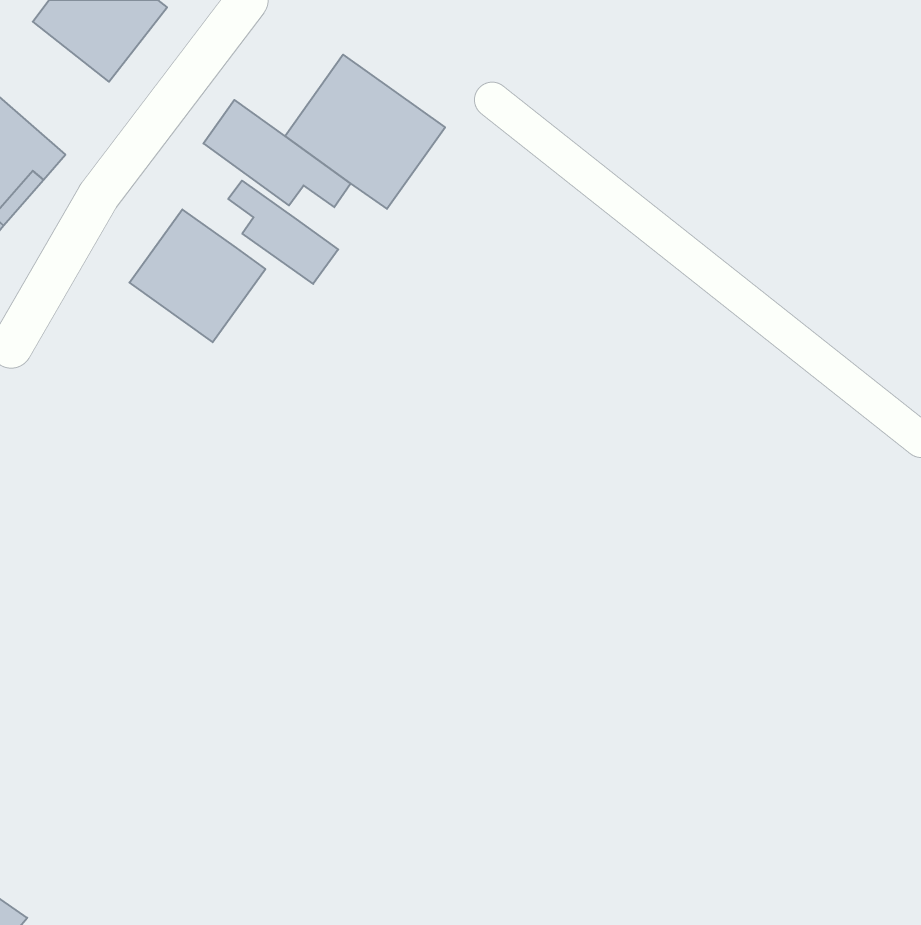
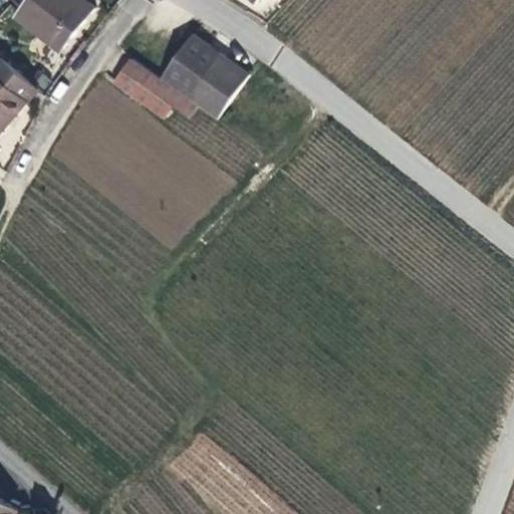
building: [228,181,338,284] -> none
building: [129,209,265,342] -> none

